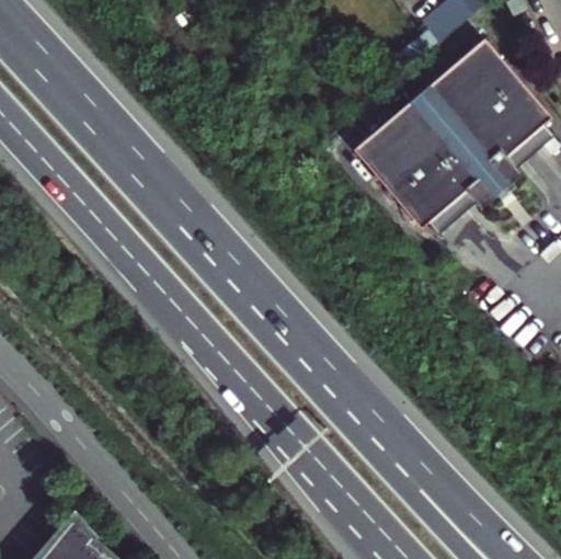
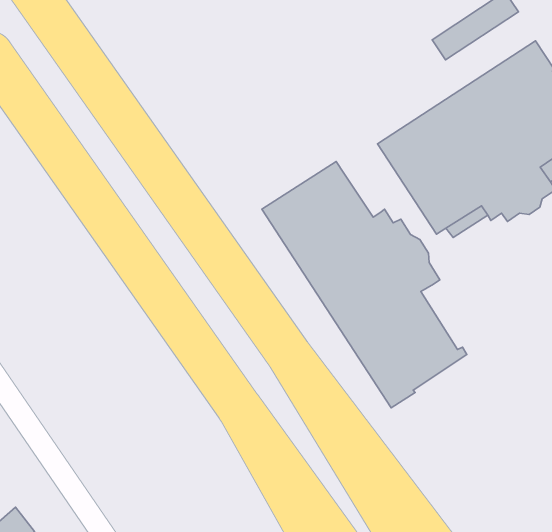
building: none -> [262,161,467,408]

